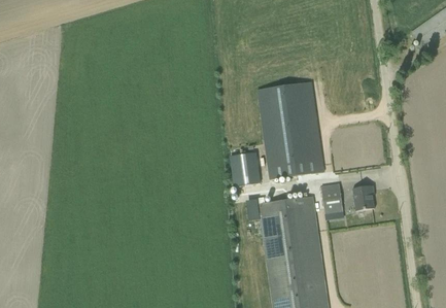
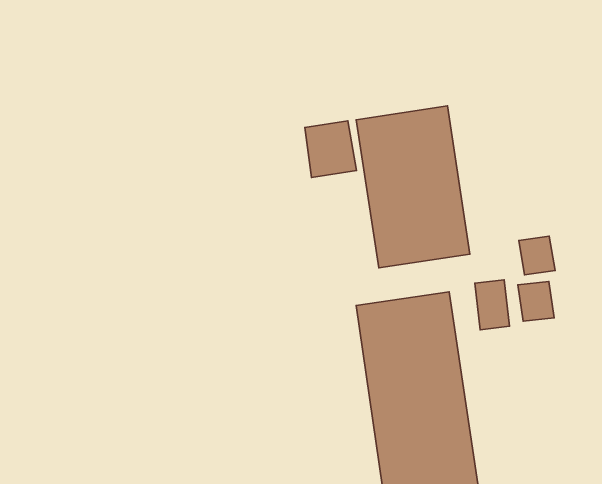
building: [231,151,262,185] -> [305,121,356,178]
building: none -> [519,236,555,275]

